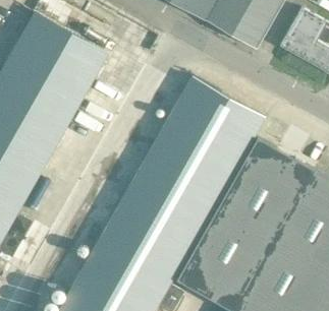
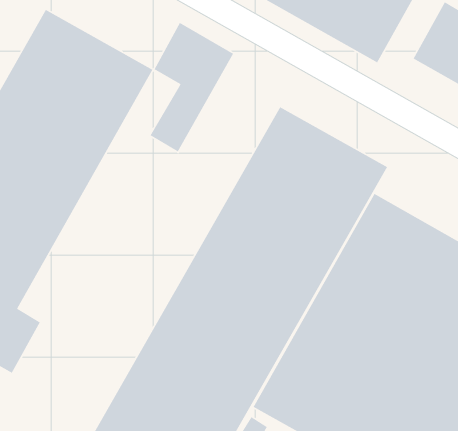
building: none -> [149,22,234,152]

